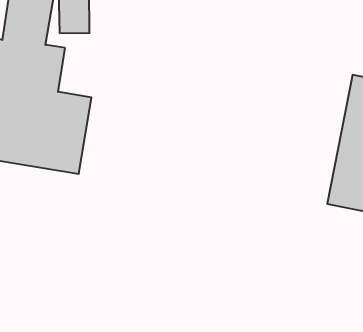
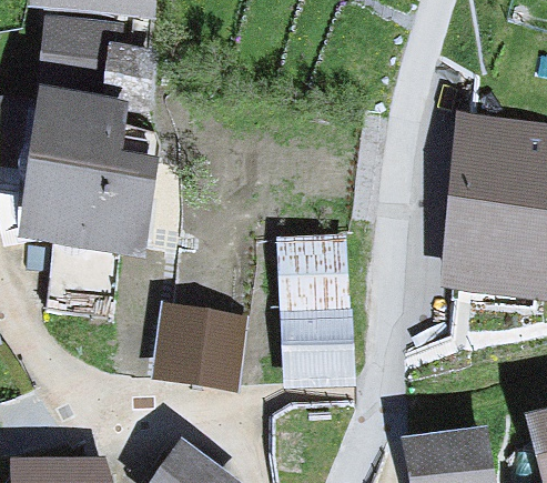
building: none -> [286,242,344,363]
building: none -> [156,301,244,381]

